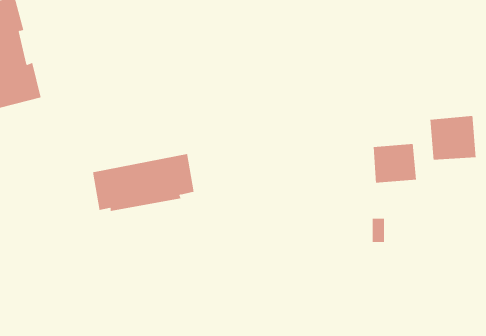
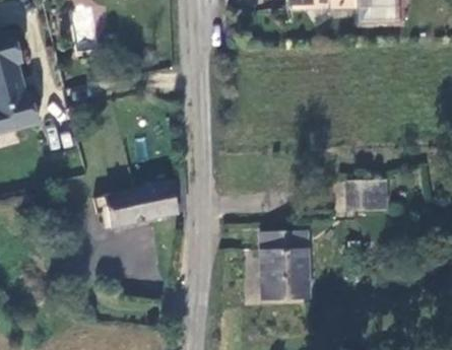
building: [430,115,476,161] -> none
building: none -> [259,230,311,293]

